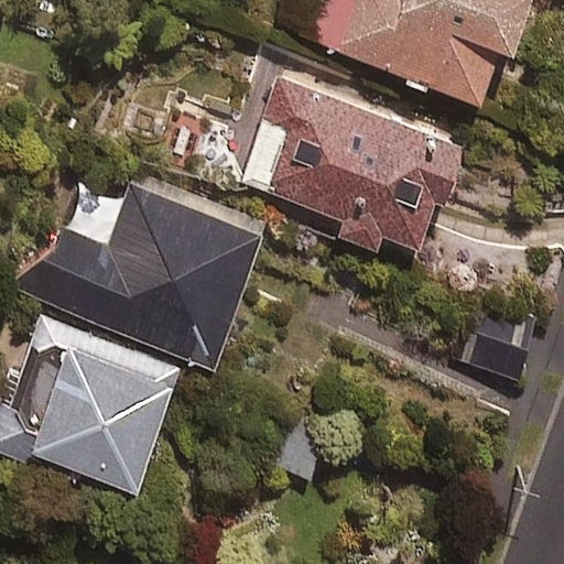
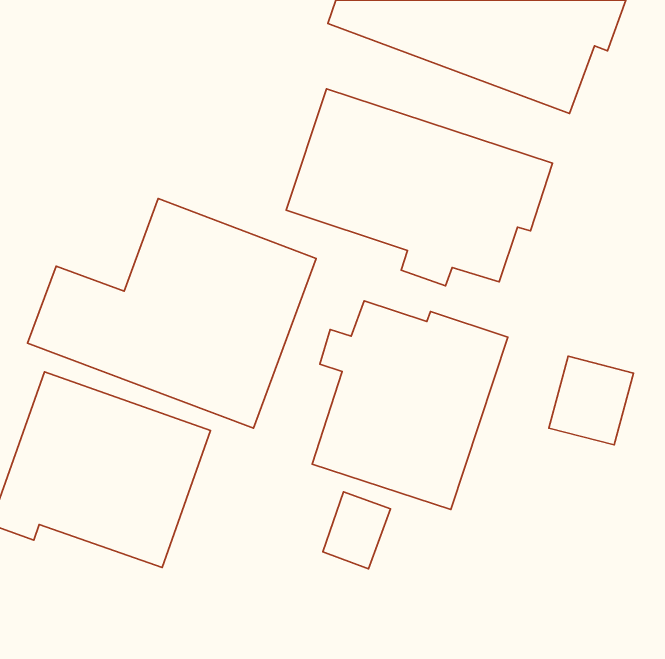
building: none -> [312,301,508,510]

